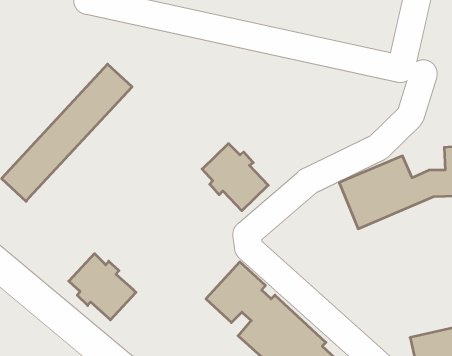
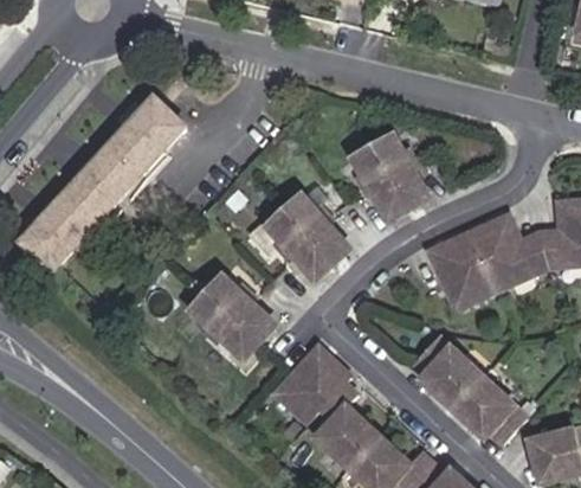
building: none -> [351,134,430,219]
building: none -> [411,336,523,445]
building: [69,254,136,320] -> [188,281,272,364]

